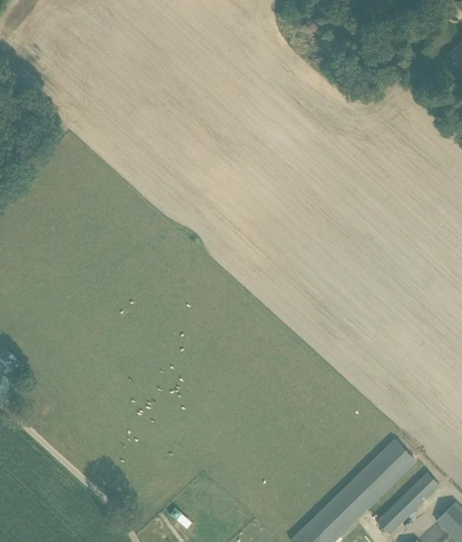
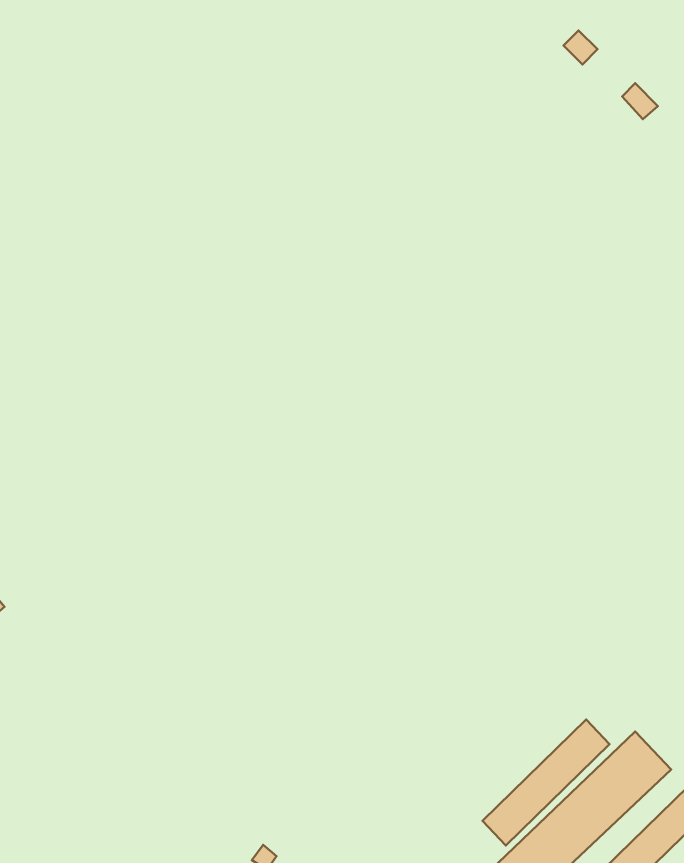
building: none -> [483,720,609,845]

